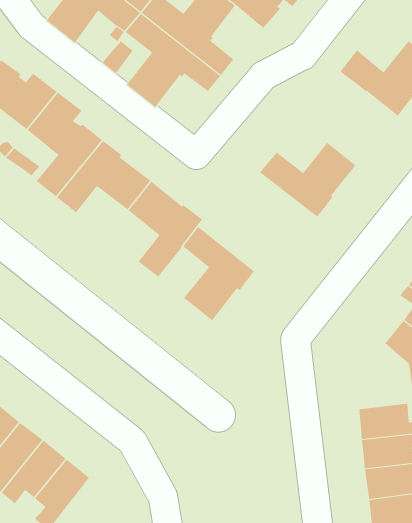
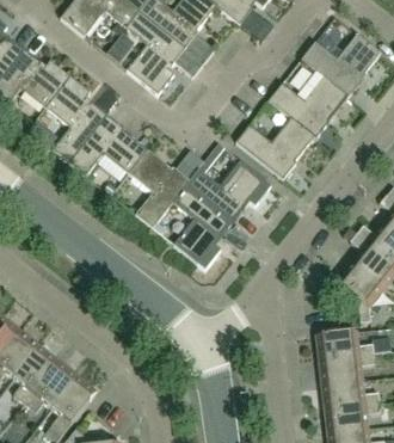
building: none -> [269,70,347,139]
building: none -> [185,143,264,223]

